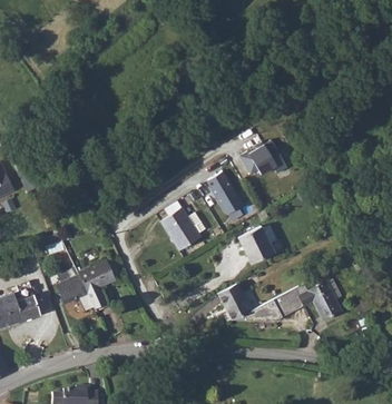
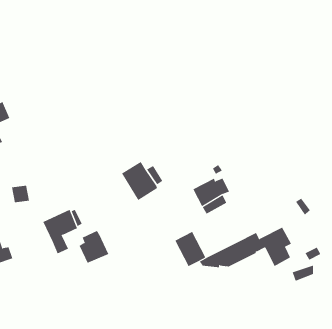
building: [241,139,288,174] -> none
building: [208,171,244,216] -> none
building: [56,267,88,303] -> [79,230,109,264]

